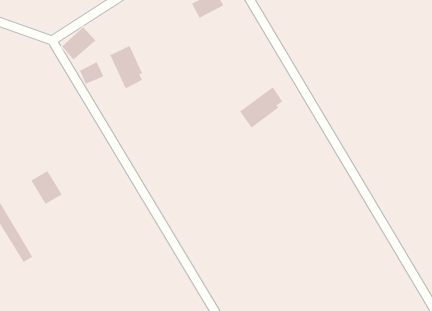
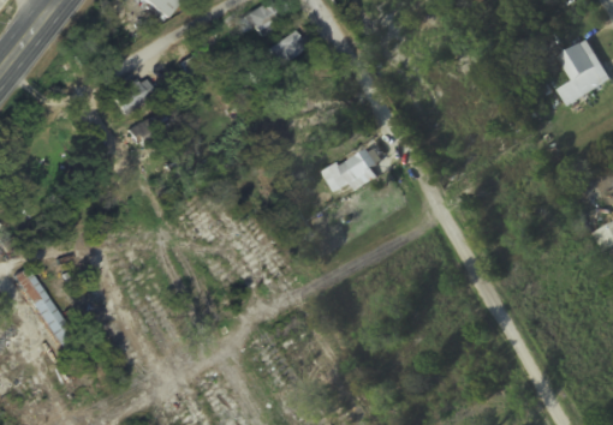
building: [110,45,143,89] -> none
building: [31,170,62,205] -> none

